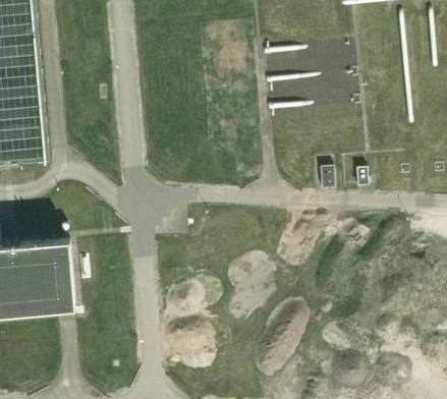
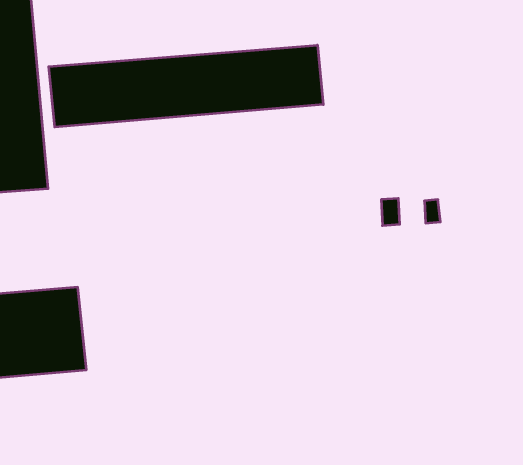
building: none -> [49,45,323,127]

